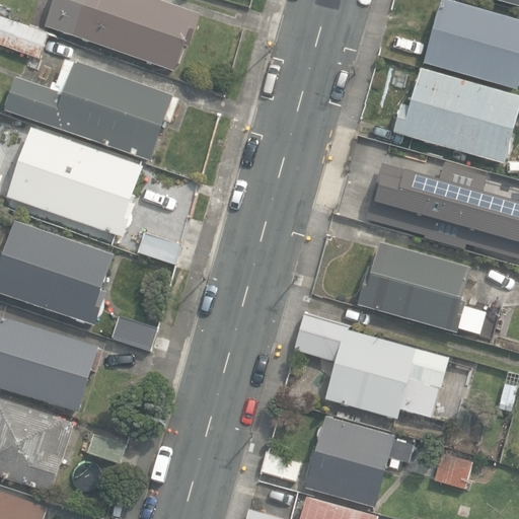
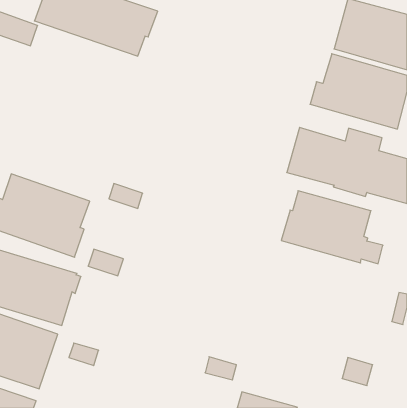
building: [4,59,178,159] -> none
building: [6,126,143,238] -> none
building: [292,313,448,420] -> none
building: [304,416,413,506] -> none

